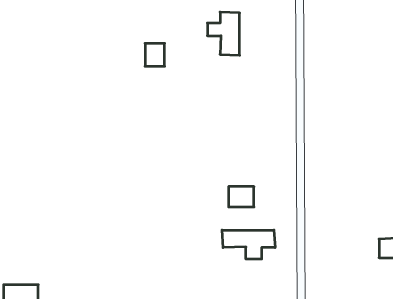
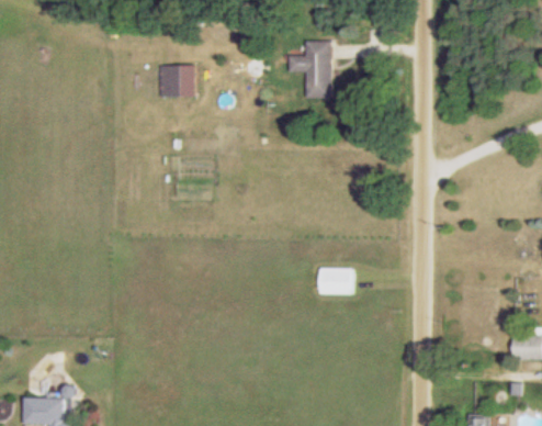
building: [145,43,165,66] -> [167,66,192,96]
building: [222,230,275,259] -> none

